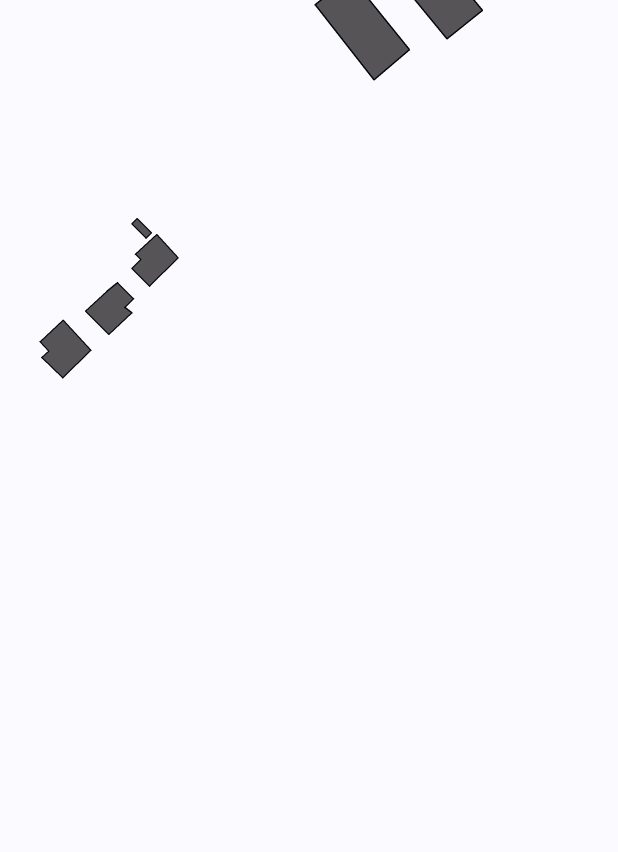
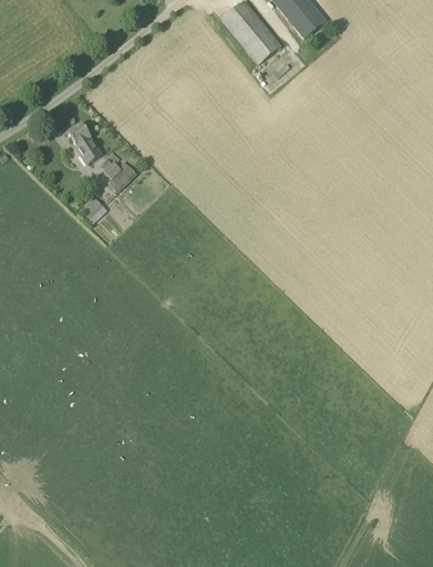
building: none -> [65,122,102,165]
building: [40,320,91,378] -> none

